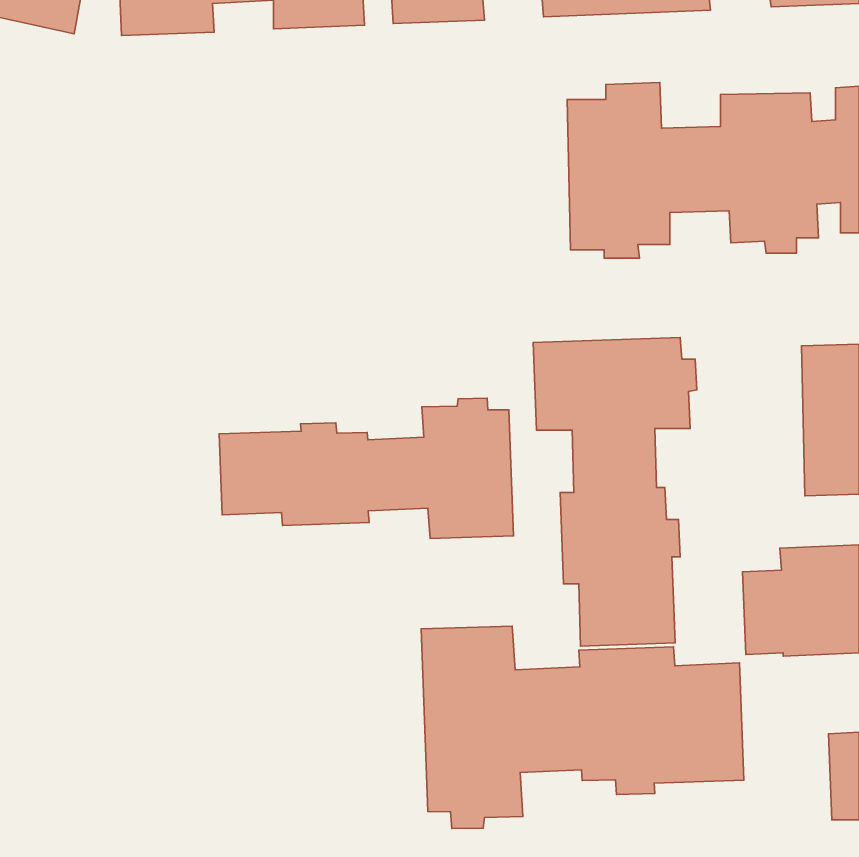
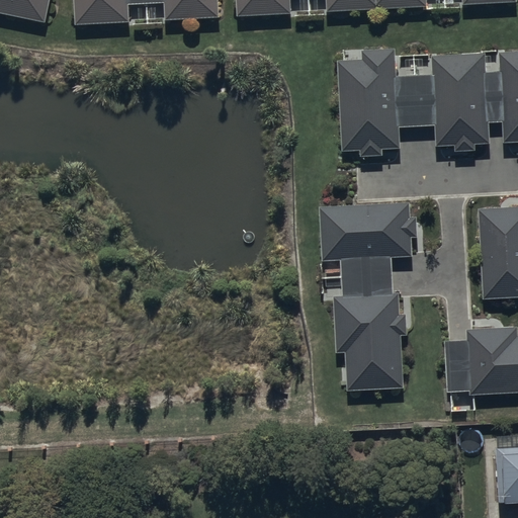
building: [219,398,514,539] -> none
building: [421,626,744,828] -> none

